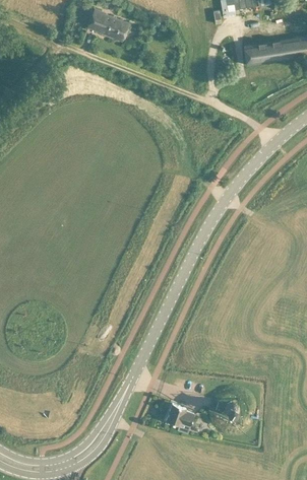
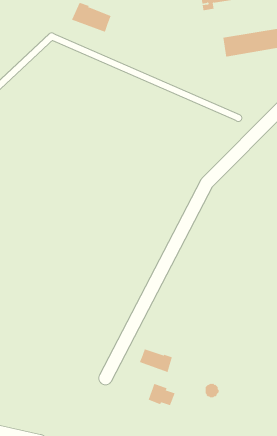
building: none -> [139,348,172,373]

